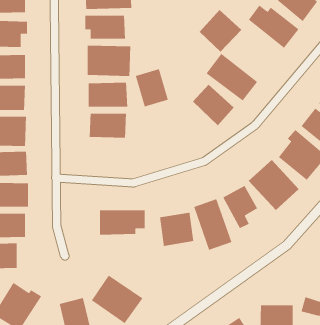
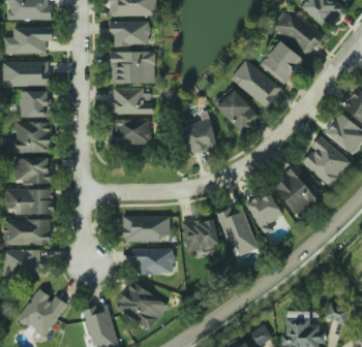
building: [199,9,242,53] -> [261,40,304,84]
building: [135,68,169,107] -> [183,115,217,154]
building: none -> [133,248,174,274]

